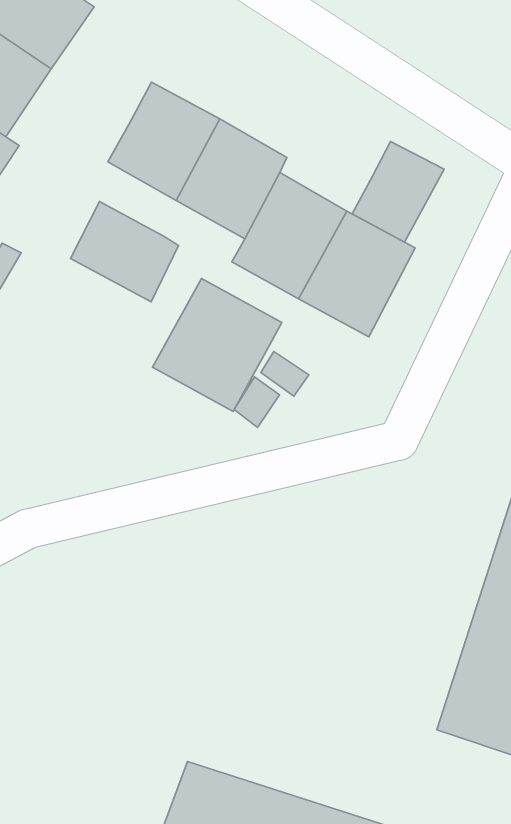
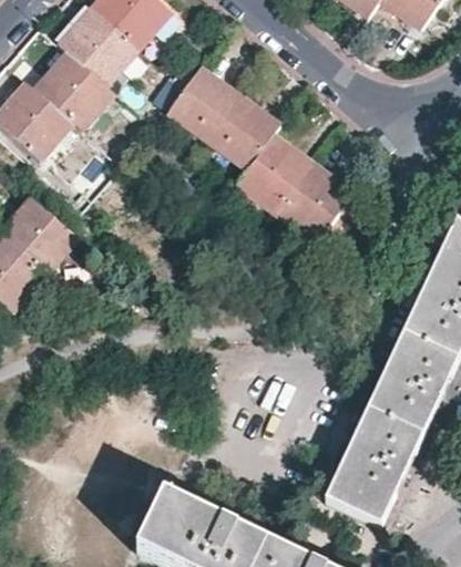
building: [352,142,444,242] -> none
building: [71,202,179,302] -> none
building: [152,278,282,411] -> none

